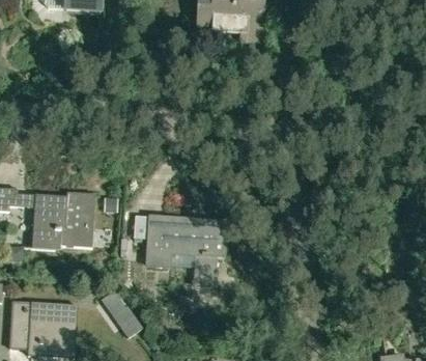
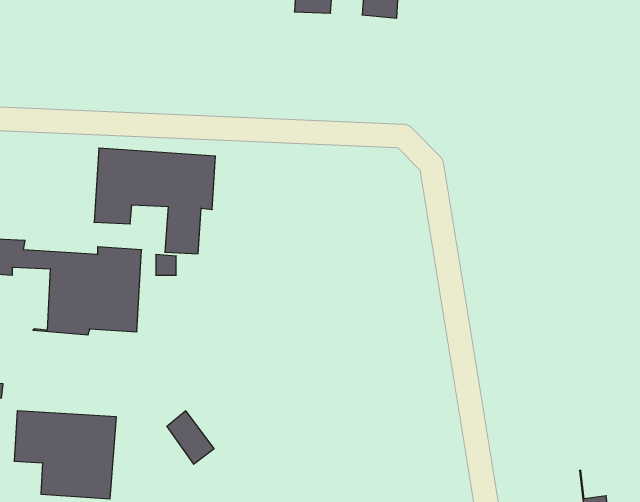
building: [146,216,226,285] -> [94,148,215,254]

